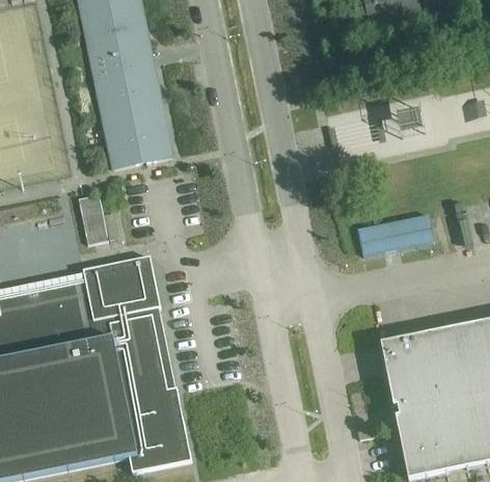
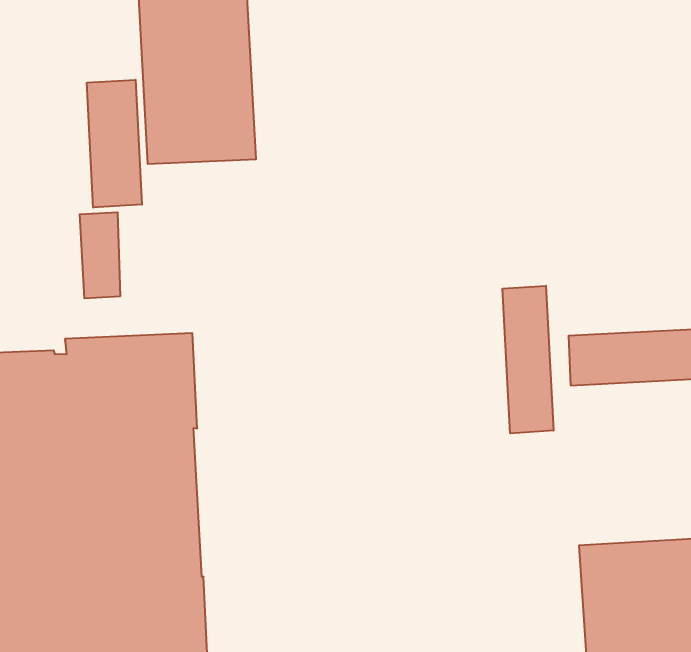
building: none -> [87,80,142,208]
building: none -> [503,286,554,433]

